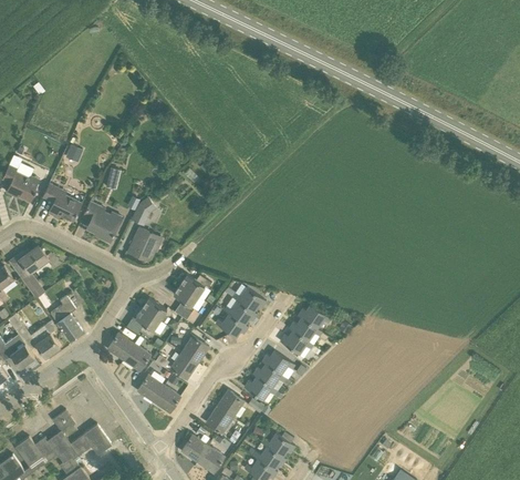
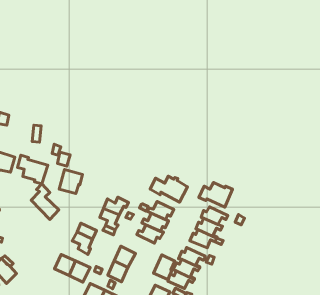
building: none -> [150,176,188,202]
building: none -> [199,183,233,207]
building: [50,295,82,340] -> [31,184,59,219]
building: none -> [154,255,175,279]

